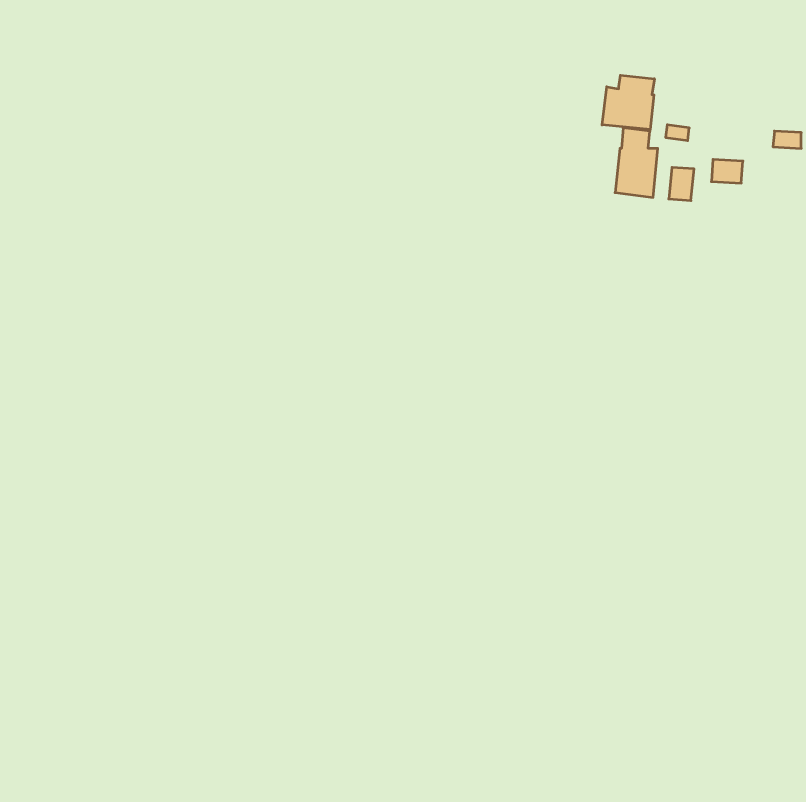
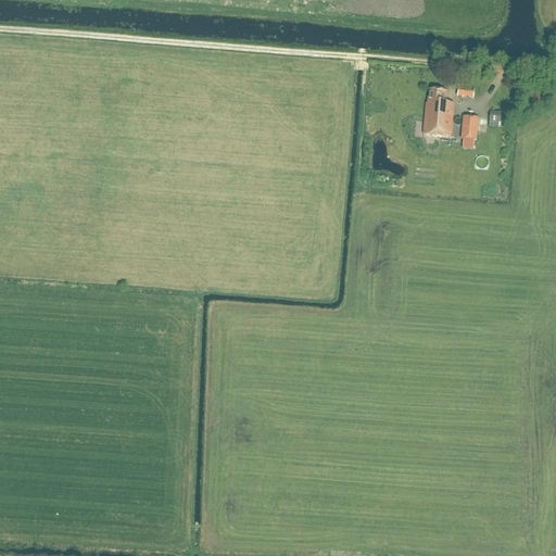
building: [602,75,654,129] -> none

